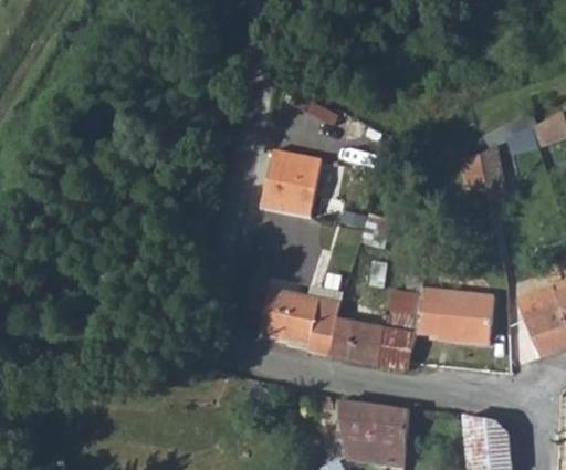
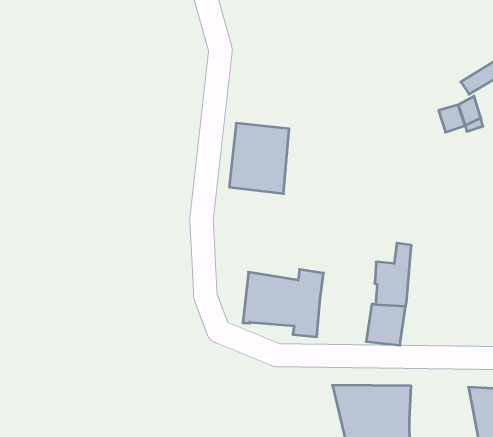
building: [413,285,492,345] -> none
building: [327,321,381,365] -> none

